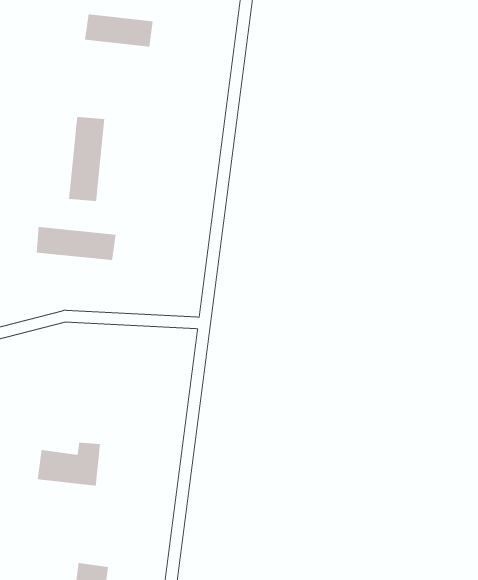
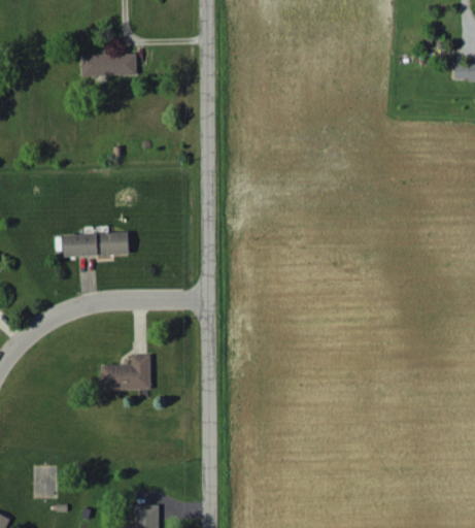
building: [69,116,105,202] -> none
building: [37,442,101,486] -> [101,354,150,390]

